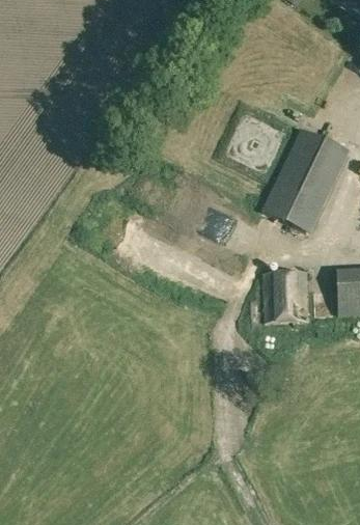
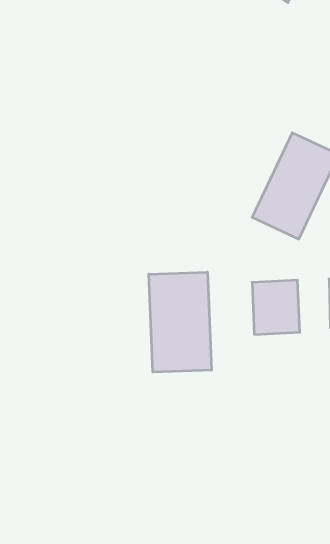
building: none -> [149,272,212,372]

